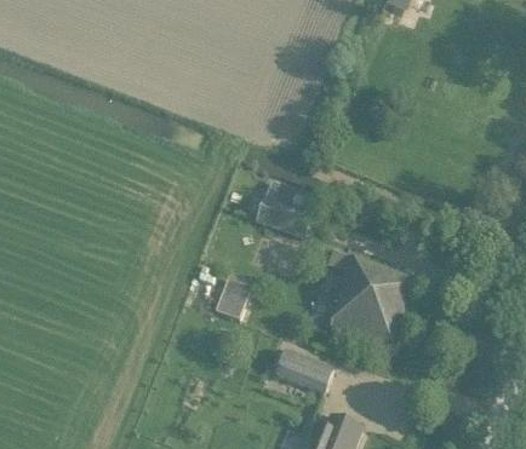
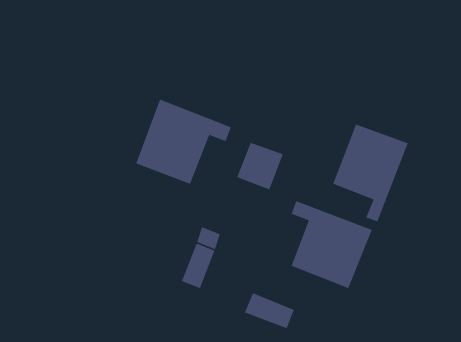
building: none -> [135,99,232,185]
building: none -> [332,123,409,222]

